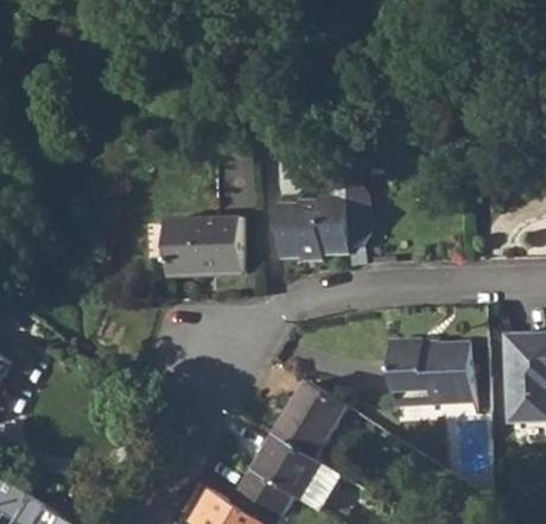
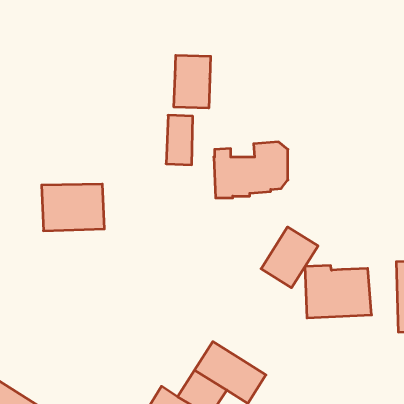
building: none -> [174,55,211,108]
building: [161,217,240,276] -> [42,184,104,231]
building: [274,381,345,457] -> [261,227,318,288]

